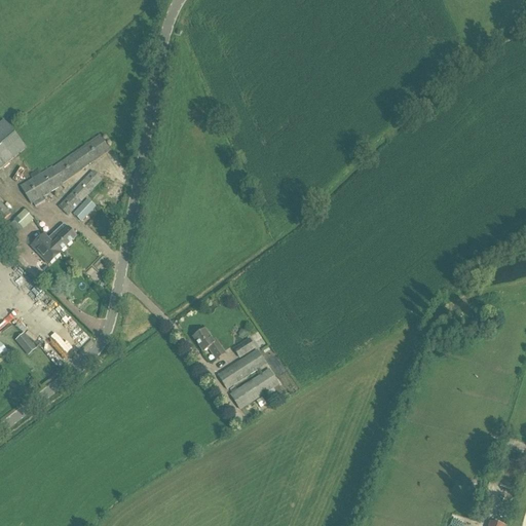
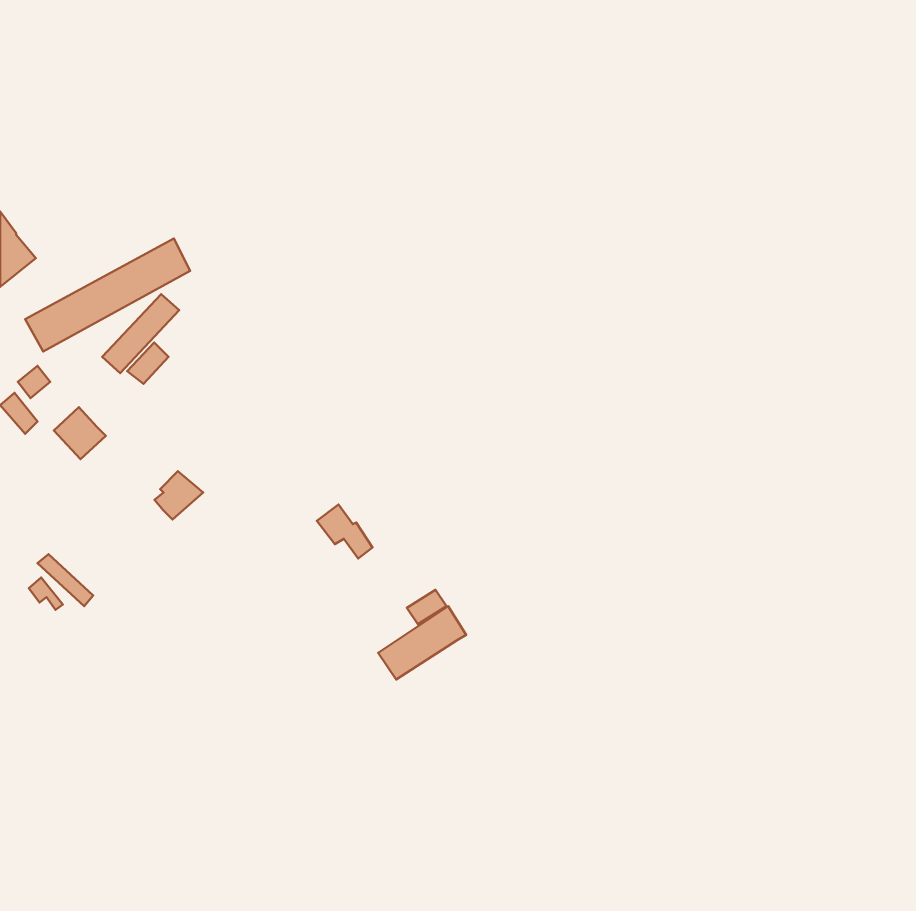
building: [50,222,78,250] -> [155,471,203,520]
building: [193,327,225,358] -> [317,505,372,558]
building: [230,367,279,408] -> none

